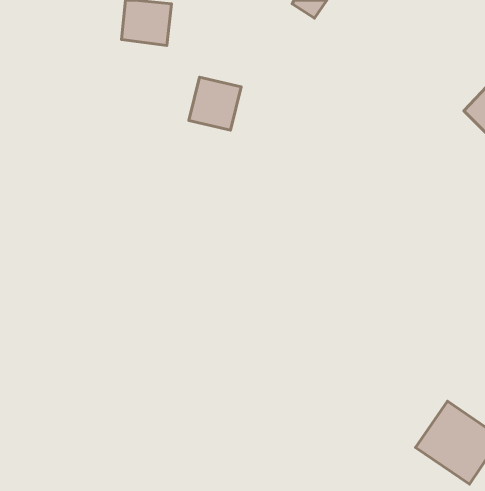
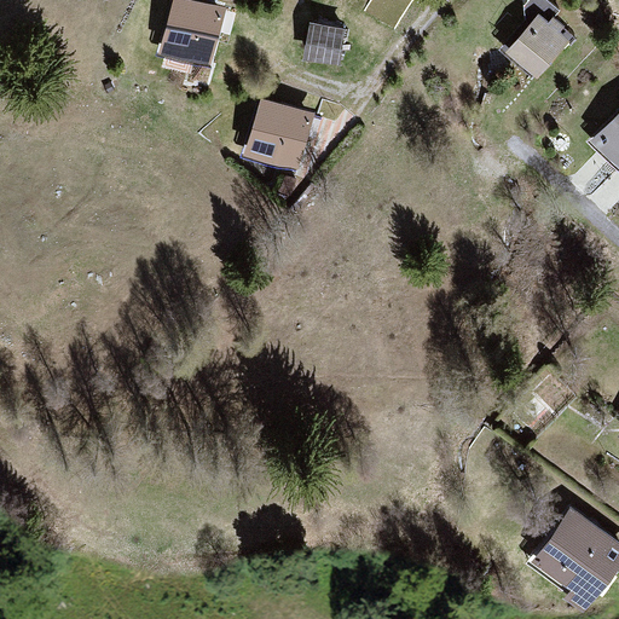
building: none -> [508,17,571,81]
building: none -> [300,25,339,62]

